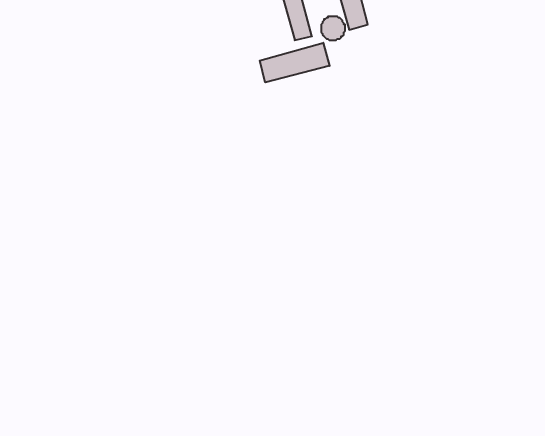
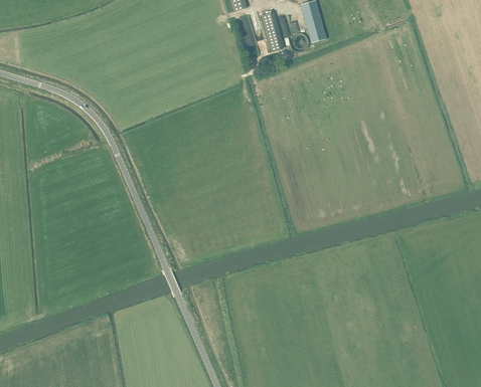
building: [260,43,330,82] -> none

